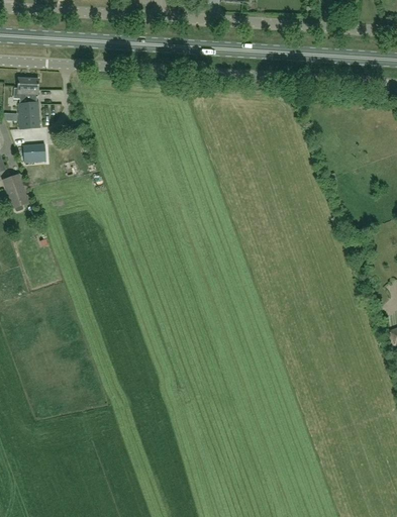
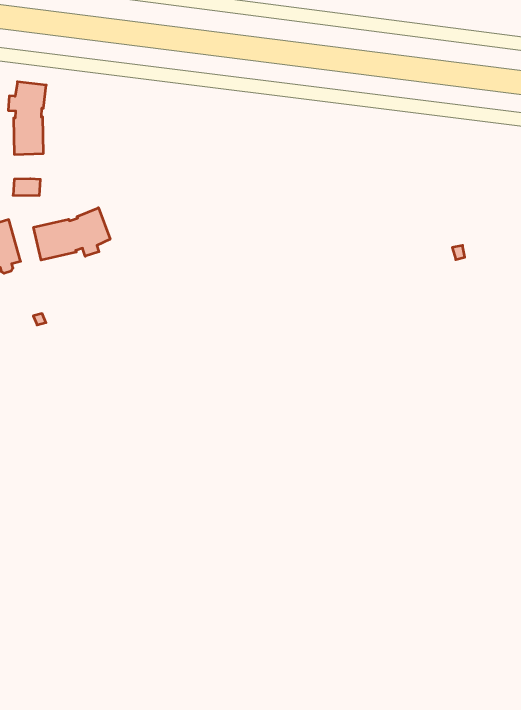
building: none -> [34,208,110,260]

